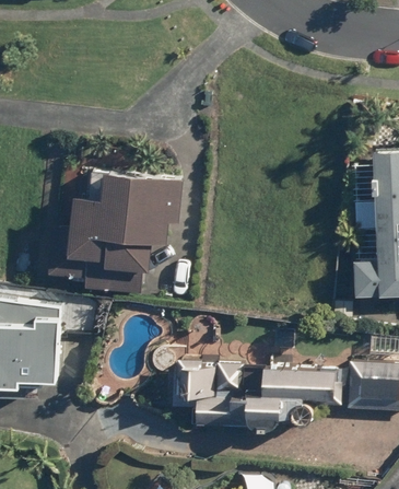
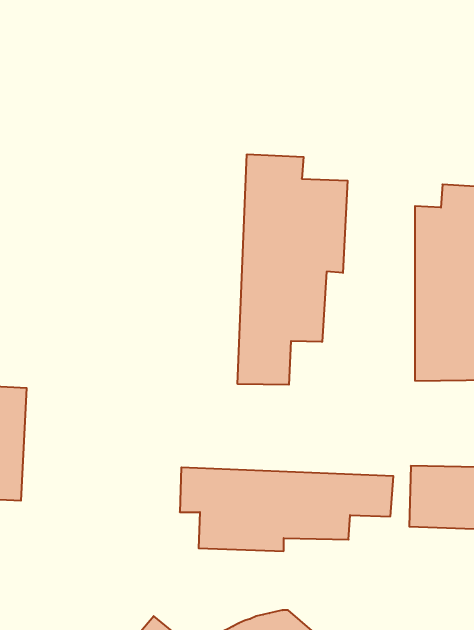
building: none -> [238,154,348,385]
building: [48,170,184,296] -> none

